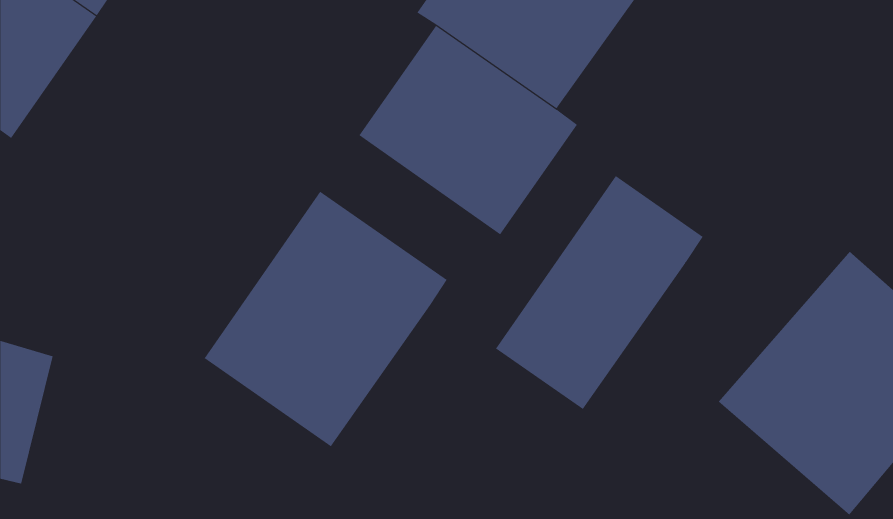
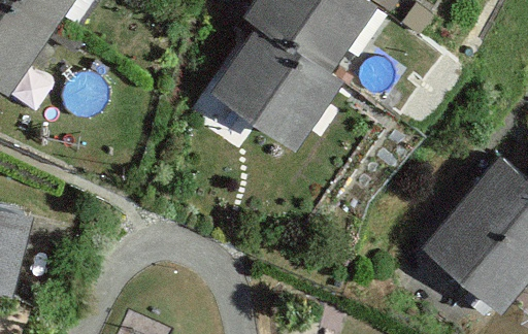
building: [495,175,703,410] -> none
building: [204,191,447,447] -> none

